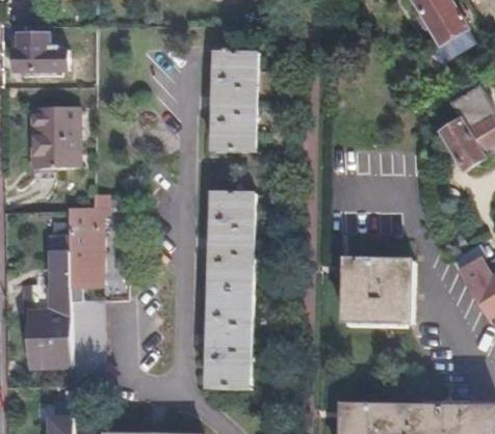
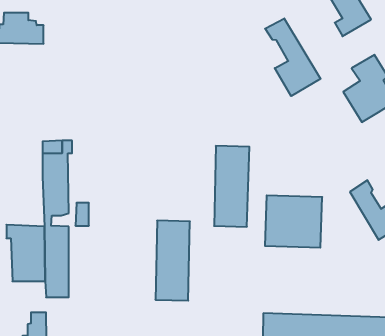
building: none -> [265,18,321,96]
building: [211,52,256,152] -> none
building: [33,104,80,165] -> none
building: [209,192,253,292] -> [214,146,249,227]
building: [23,225,70,298] -> none

